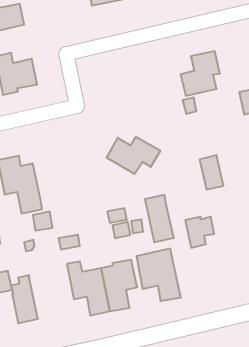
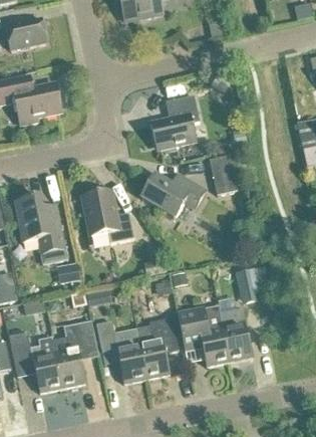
building: [181,51,220,96] -> [153,95,200,148]
building: none -> [83,190,135,242]
building: [200,155,223,189] -> [209,154,237,194]
building: [145,195,174,242] -> [219,306,253,362]
building: none -> [52,319,98,387]

